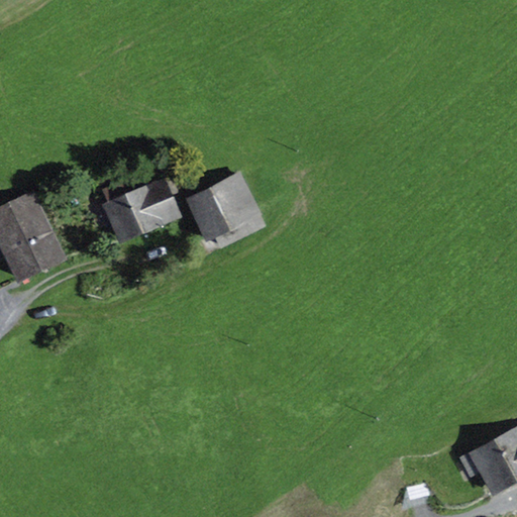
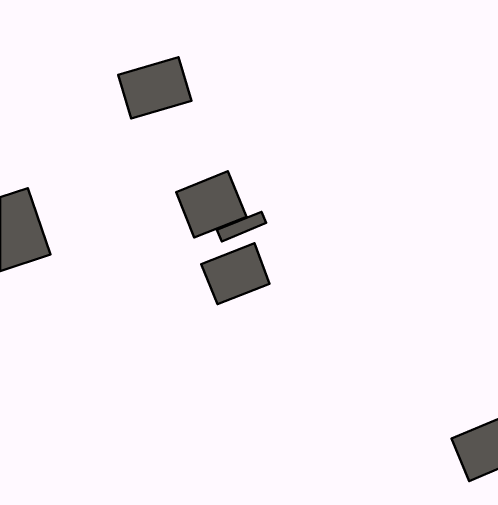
building: [103,178,178,240] -> [118,57,191,119]
building: none -> [201,243,270,304]

